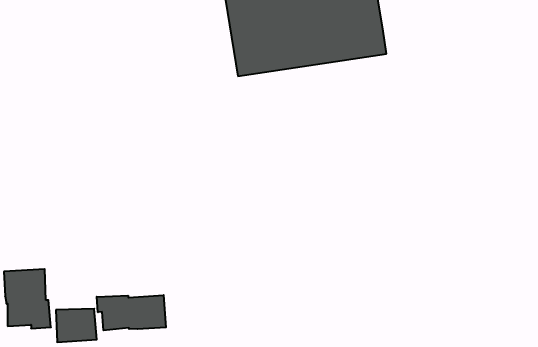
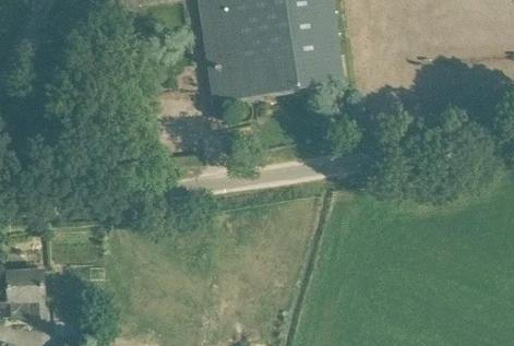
building: [97,295,166,330] -> none

